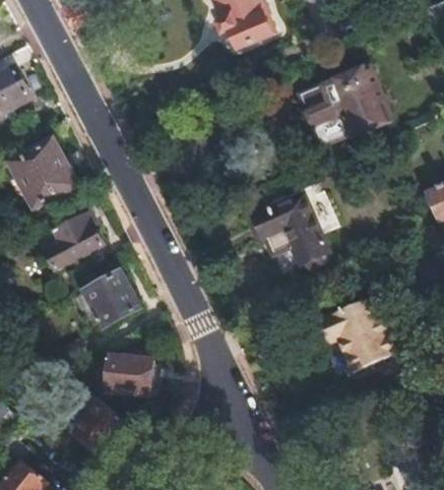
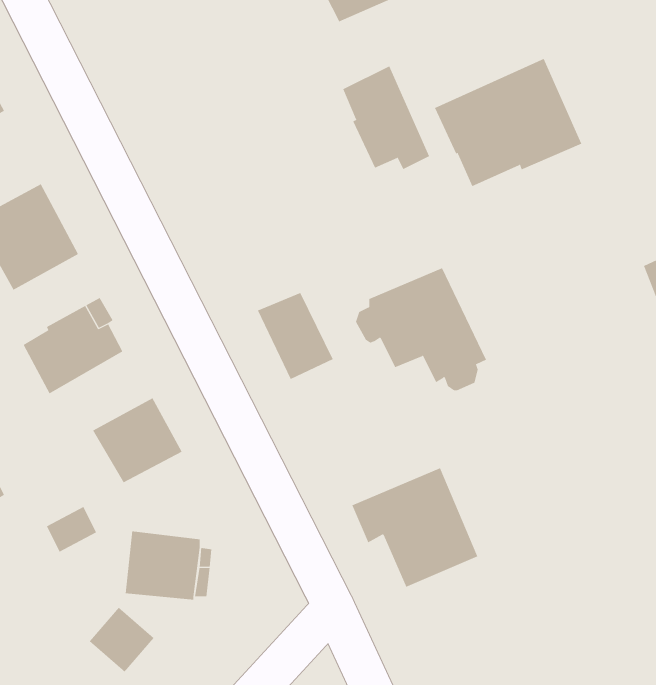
building: none -> [342,65,430,170]
building: none -> [257,292,333,380]
building: [315,298,393,372] -> [352,467,478,588]

